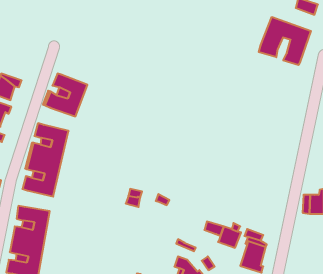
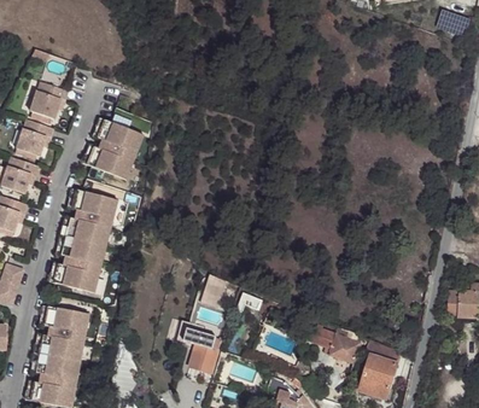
building: [259,17,311,65] -> none
building: none -> [27,81,65,118]
building: none -> [176,320,221,372]

